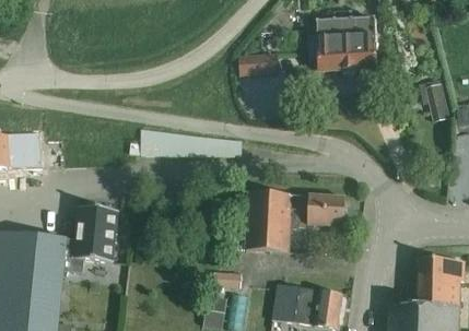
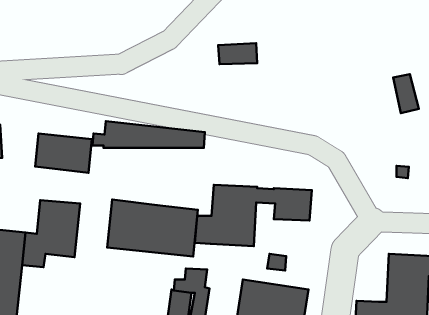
building: [312,17,376,71] -> none
building: none -> [35,134,92,173]
building: none -> [107,200,198,256]

